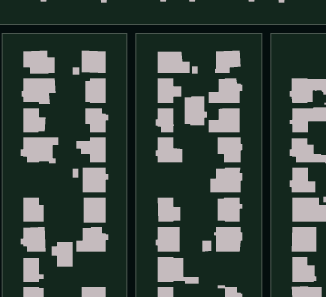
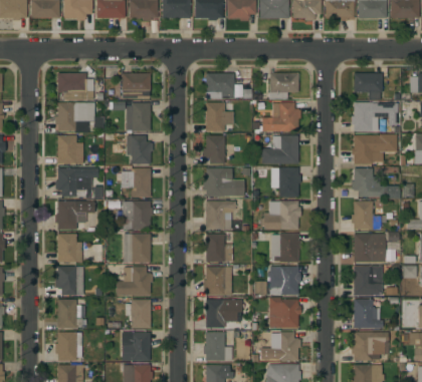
building: none -> [354,72,382,99]
building: [184,95,208,126] -> none
building: none -> [54,201,84,230]
building: none -> [205,201,235,229]
building: [51,241,74,268] -> [125,299,150,328]
building: none -> [269,297,300,328]

